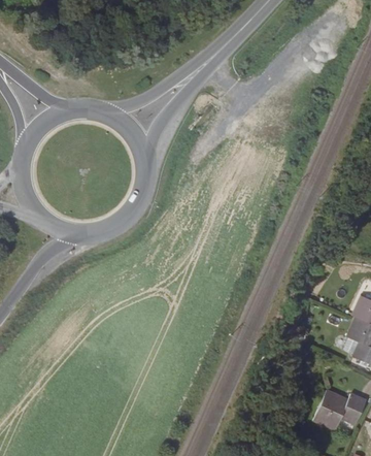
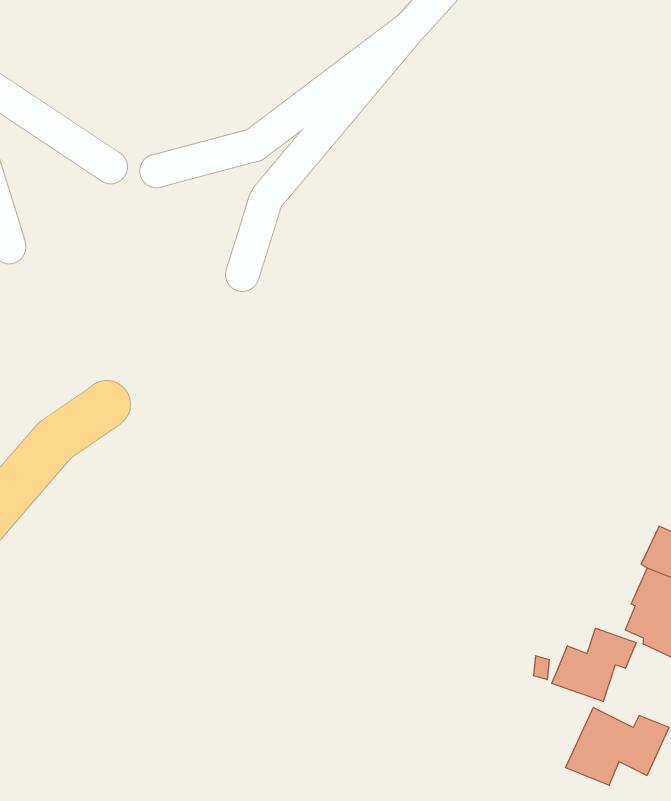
building: none -> [552,628,636,702]

